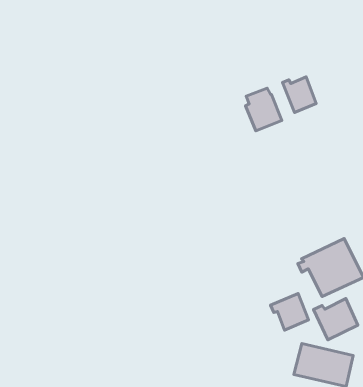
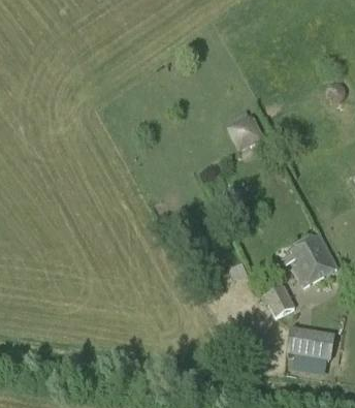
building: [282,77,316,113] -> none
building: [314,298,358,340] -> none

